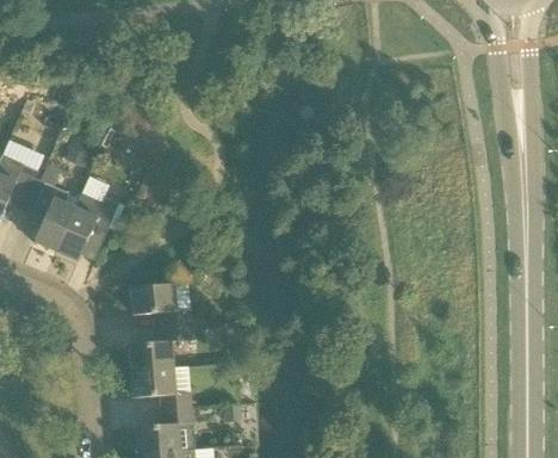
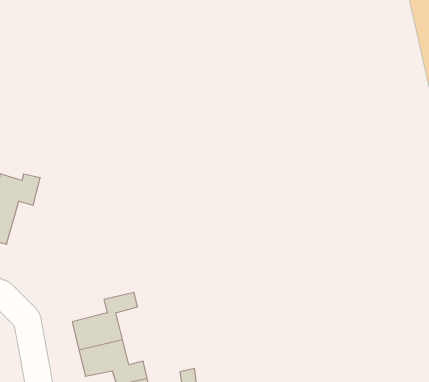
building: [129,283,190,327] -> none

